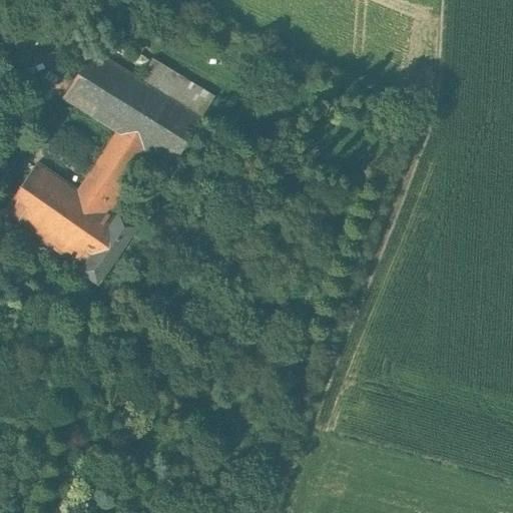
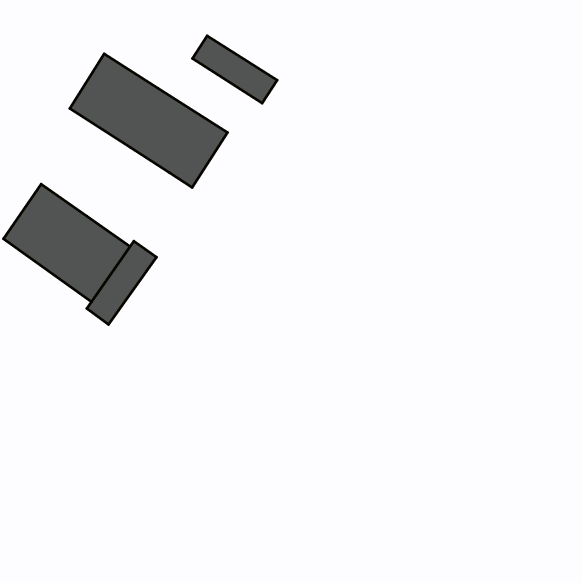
building: [140,58,214,117] -> [192,36,277,103]
building: [78,130,150,210] -> none

